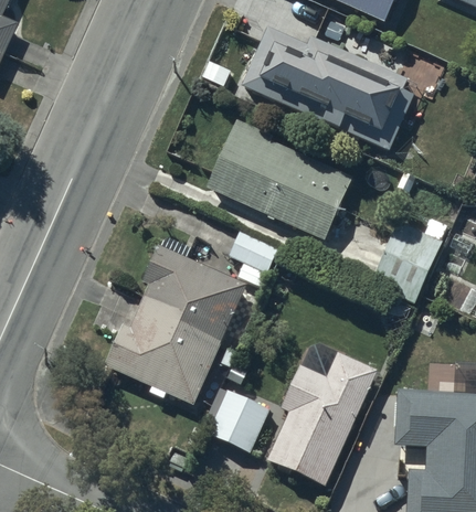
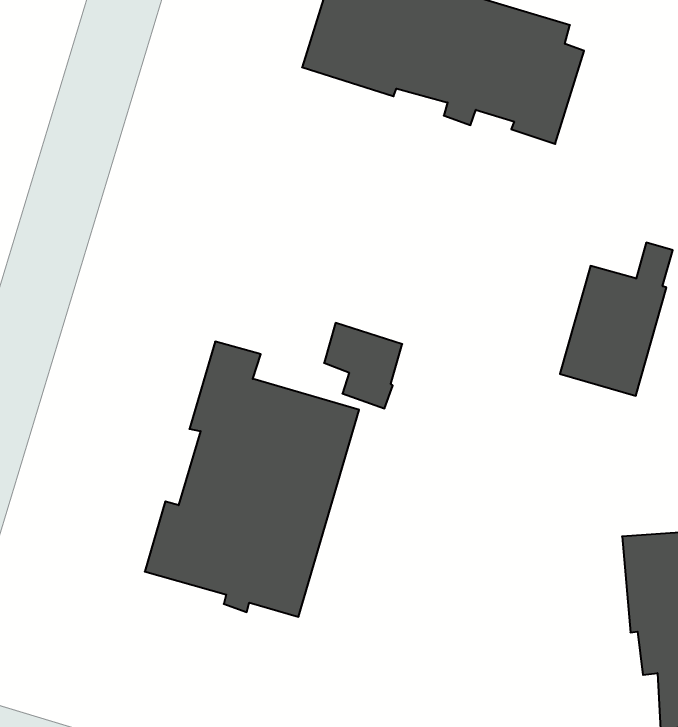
building: [205,118,351,241] -> none
building: [265,351,378,487] -> none
building: [207,388,269,452] -> none

